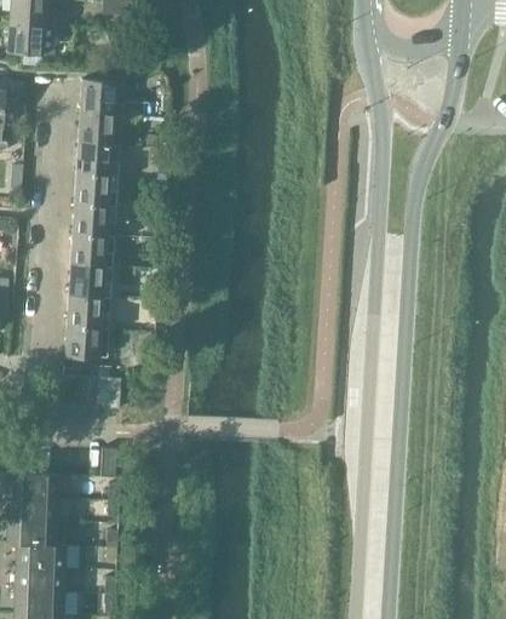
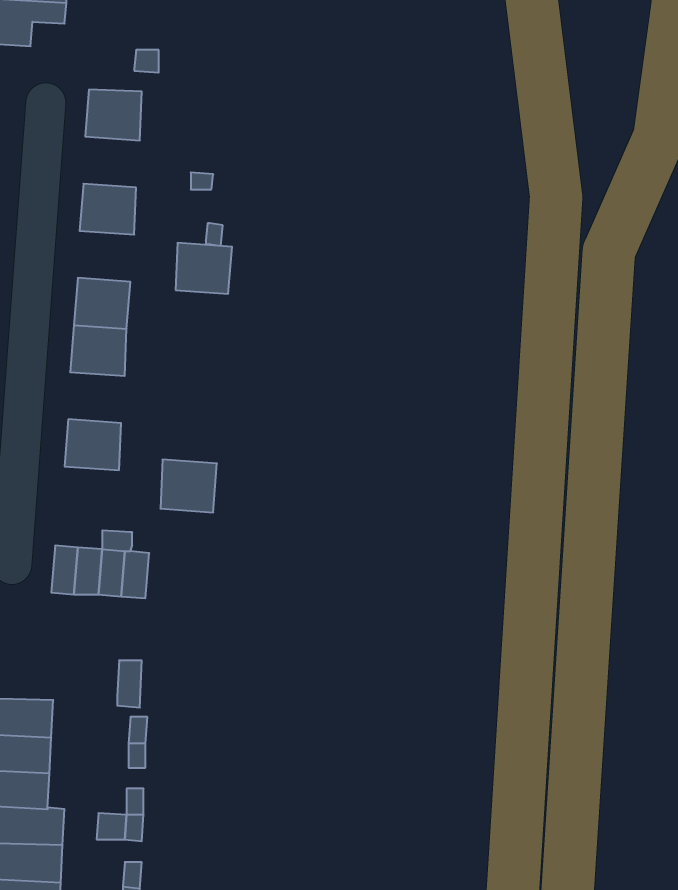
building: [80,111,116,144] -> none
building: [76,172,113,205] -> [176,243,232,294]
building: [70,263,107,296] -> none
building: [67,323,103,357] -> [160,460,217,512]

